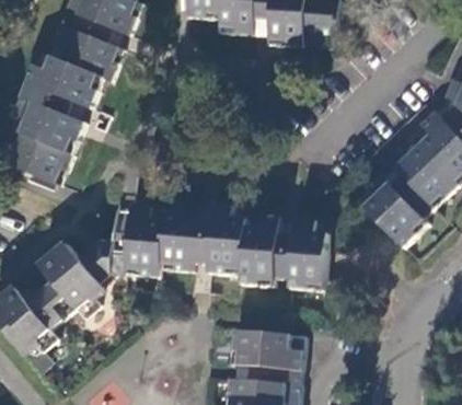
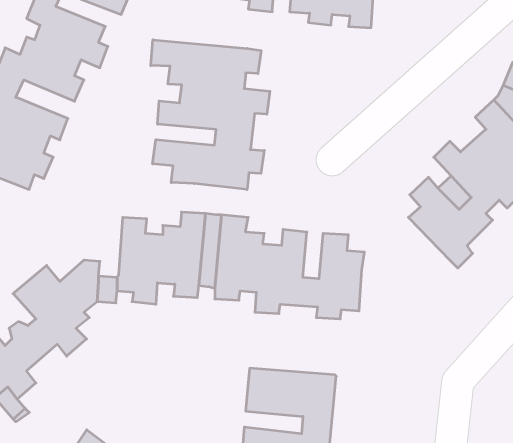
building: none -> [151,40,270,190]

